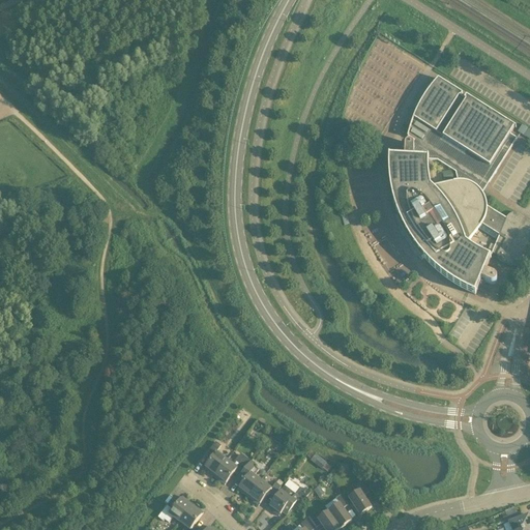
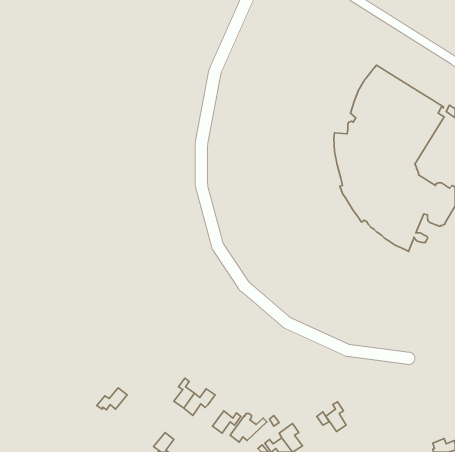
building: [236,458,260,495] -> none
building: [347,478,371,512] -> [326,402,346,431]
building: [156,494,192,520] -> [97,388,127,410]

